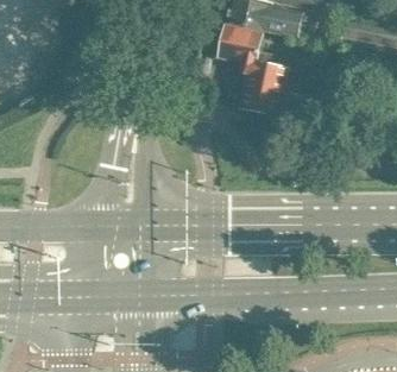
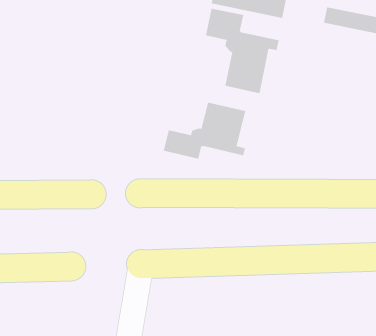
building: none -> [163,102,246,160]

